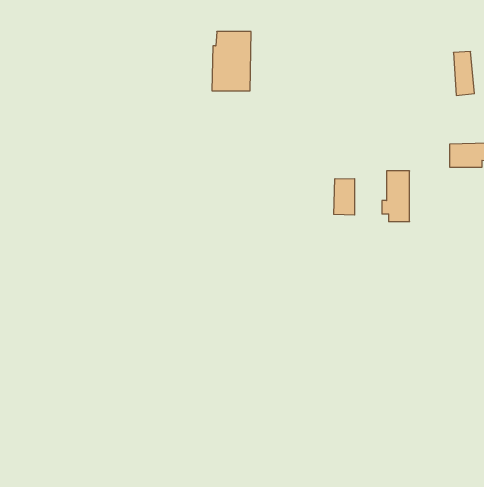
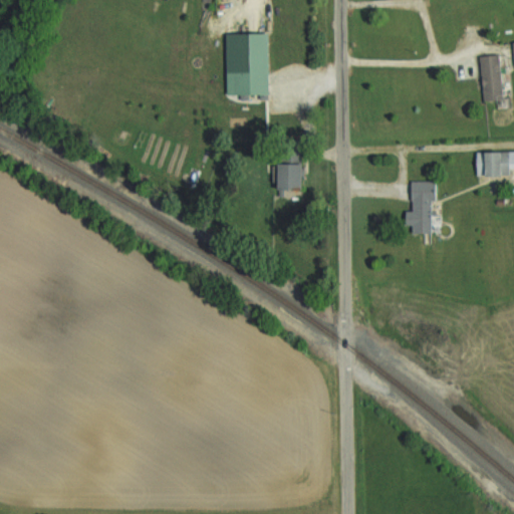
building: none -> [275,153,300,191]
building: [334,179,355,215] -> none

